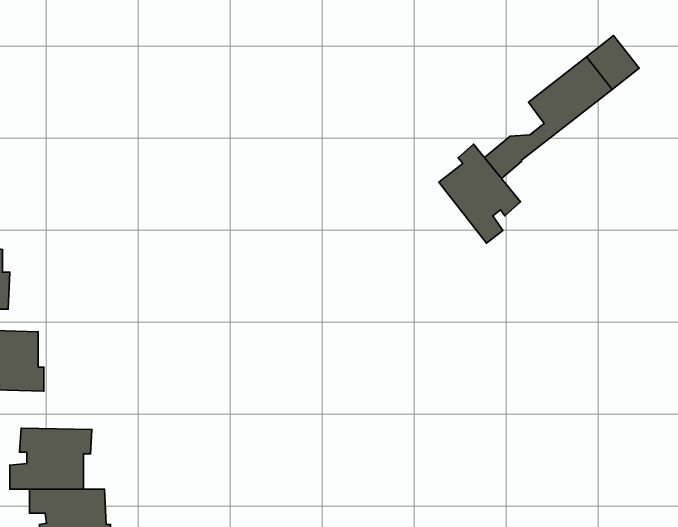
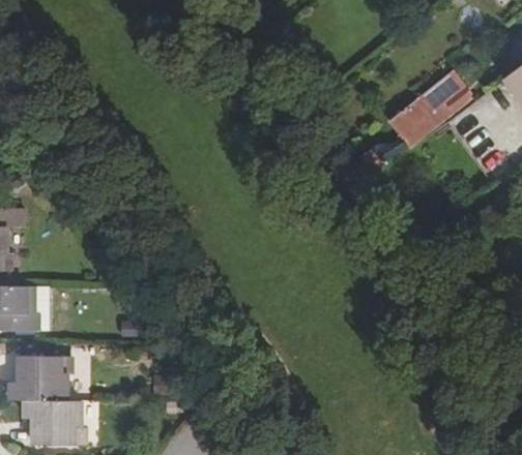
building: [439,144,520,243] -> none

